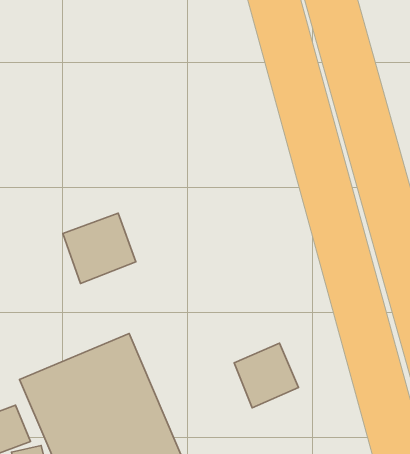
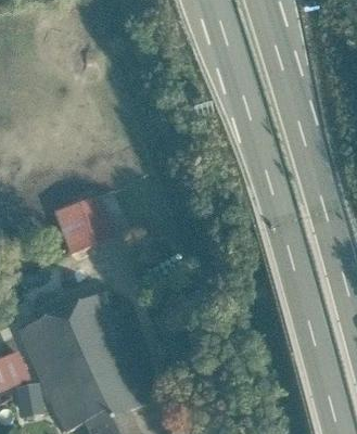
building: [234,343,299,408] -> none

